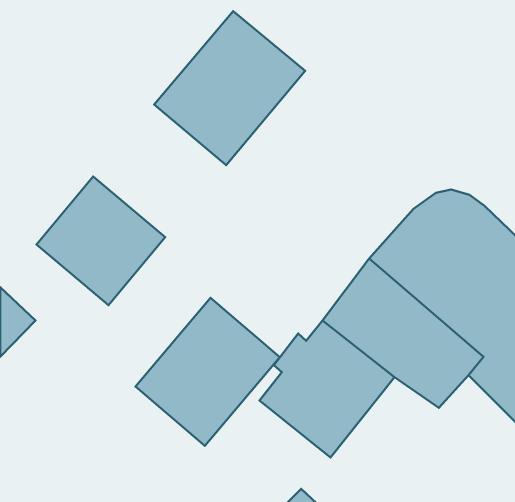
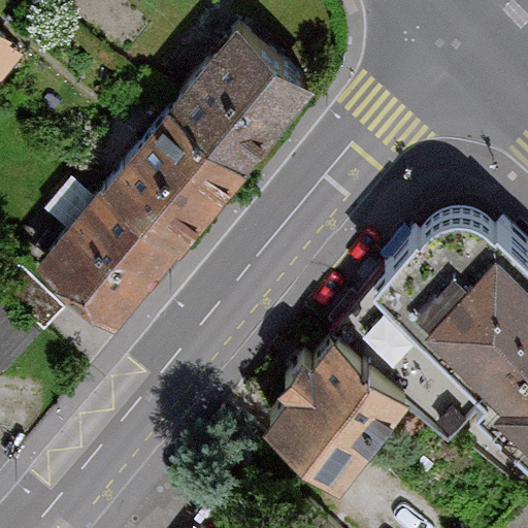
building: none -> [98,123,233,258]
building: [136,298,280,446] -> none

